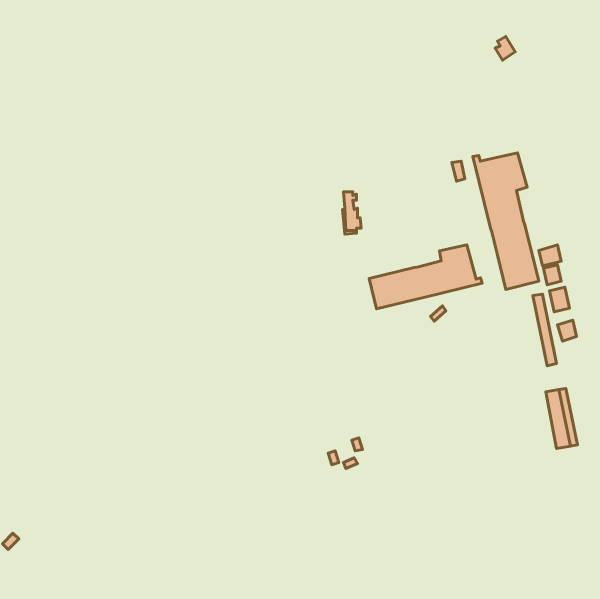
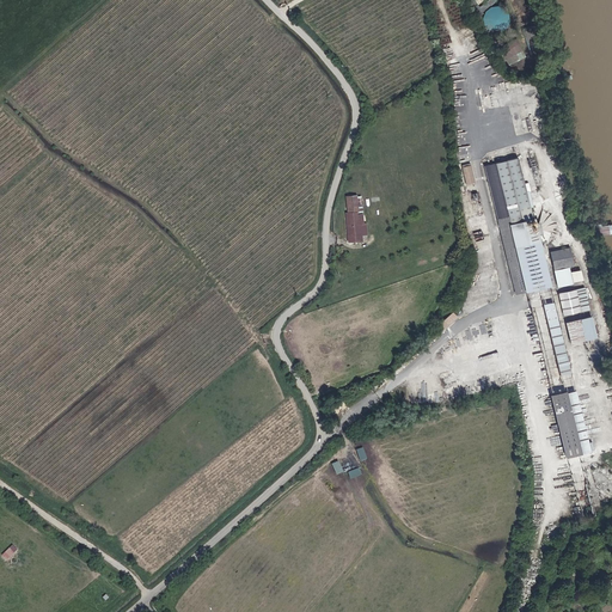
building: [369,245,482,309] -> none

